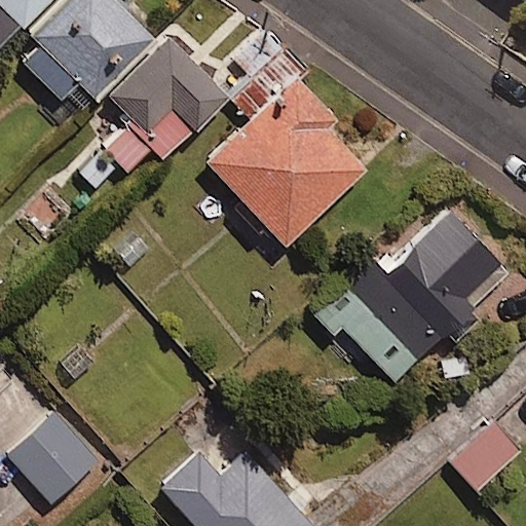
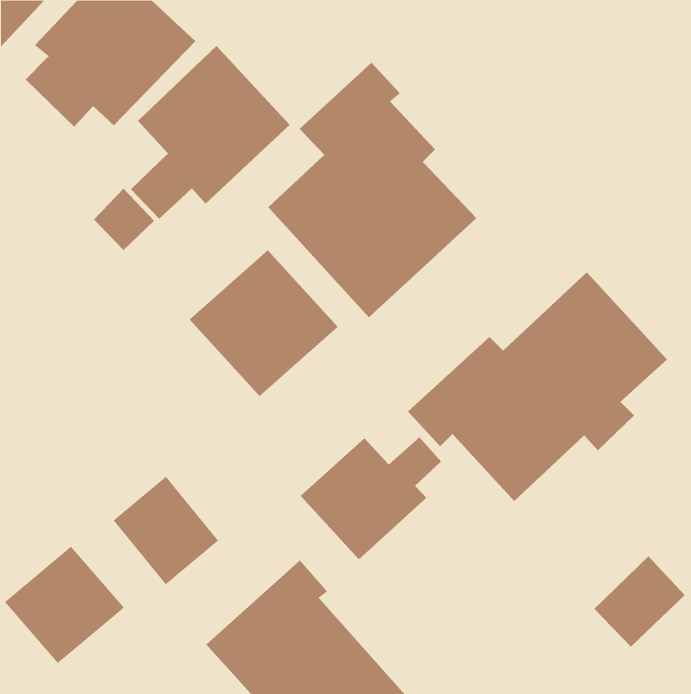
building: none -> [189,249,339,397]
building: none -> [300,437,442,560]
building: none -> [113,476,219,585]

